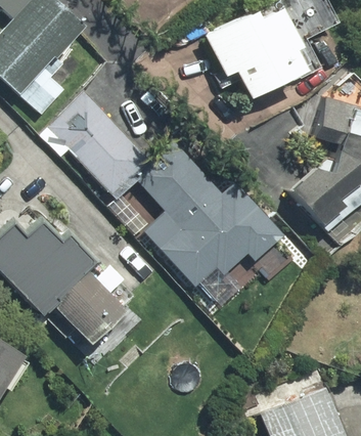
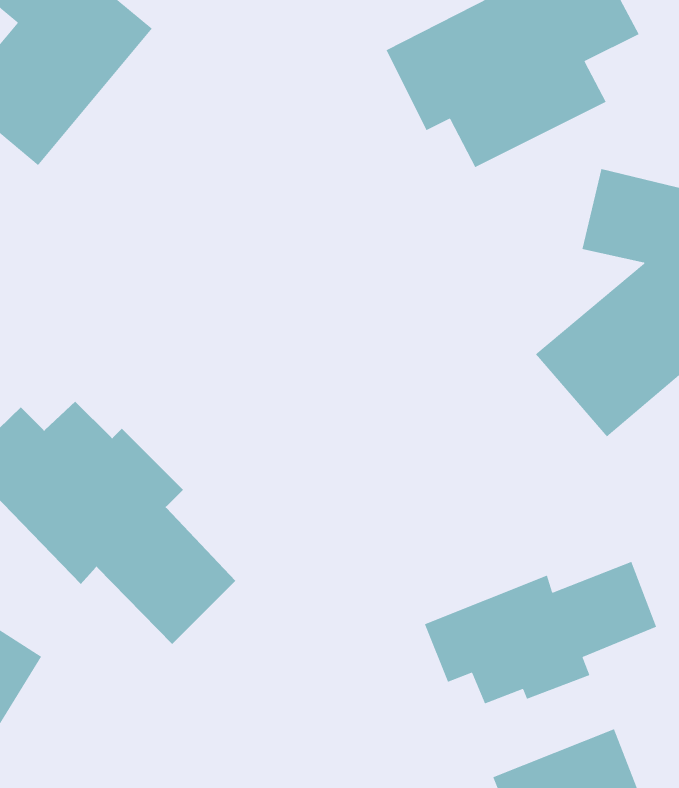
building: [45,92,154,201] -> none
building: [140,140,285,291] -> none
building: none -> [424,561,657,704]

